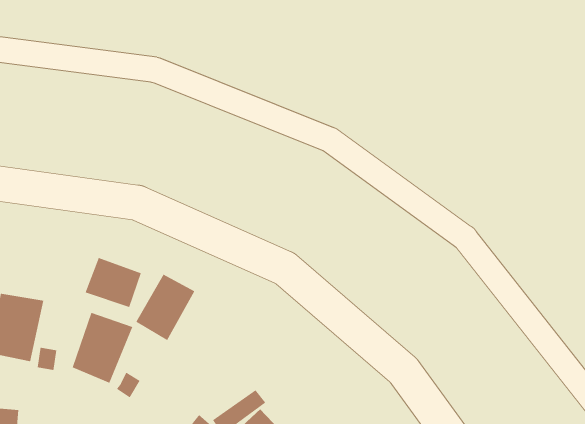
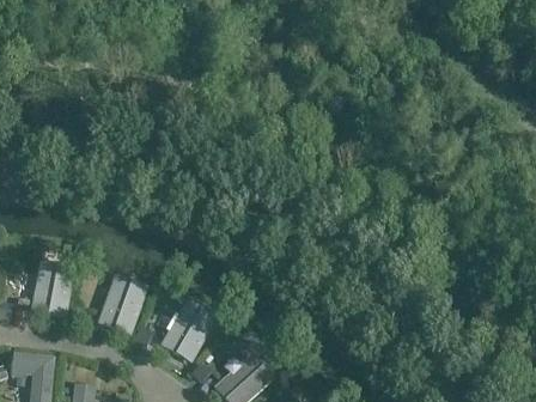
building: [85,257,142,308] -> none
building: [135,274,195,341] -> [165,304,214,359]

